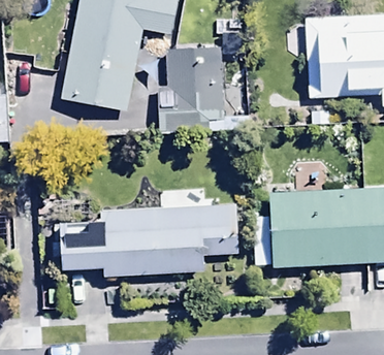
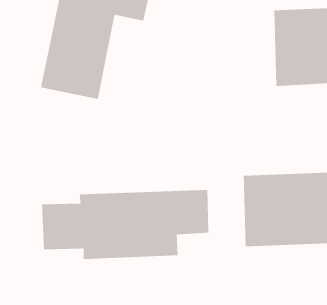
building: [158,45,225,133] -> none

